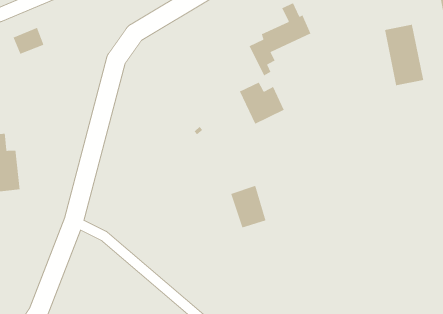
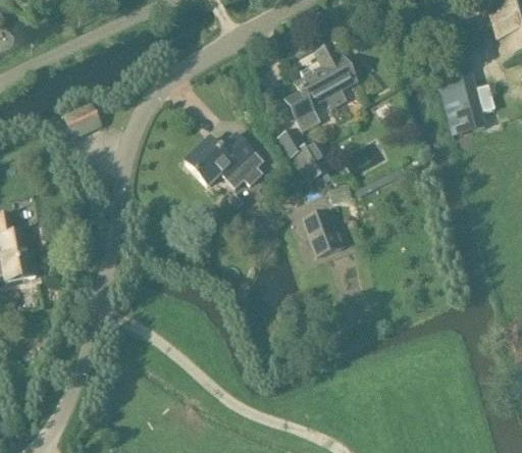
building: [12,27,45,55] -> [65,103,102,136]
building: none -> [188,132,264,187]
building: [230,185,267,228] -> [302,208,345,258]

